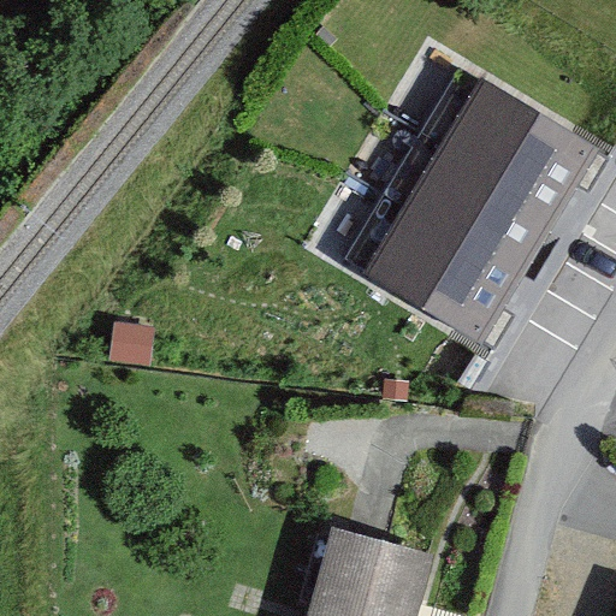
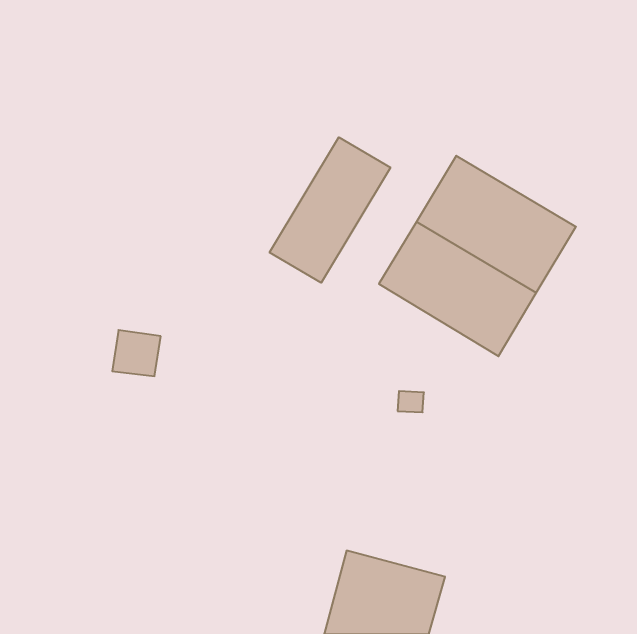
building: [440,84,597,219] -> none
building: none -> [270,137,390,283]

